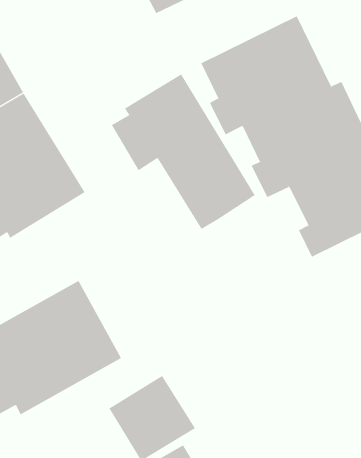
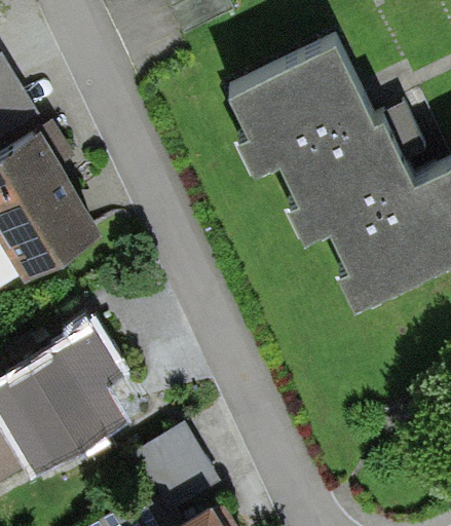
building: [111,73,256,230] -> none

